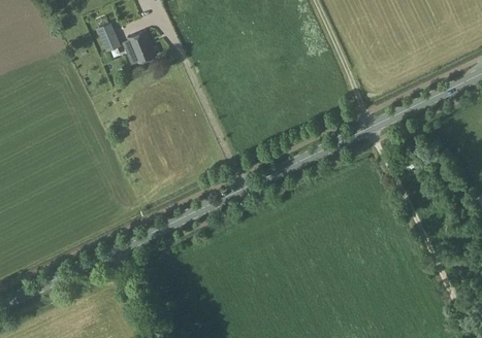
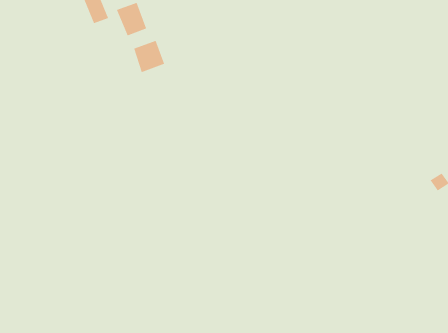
building: none -> [133,40,165,73]

